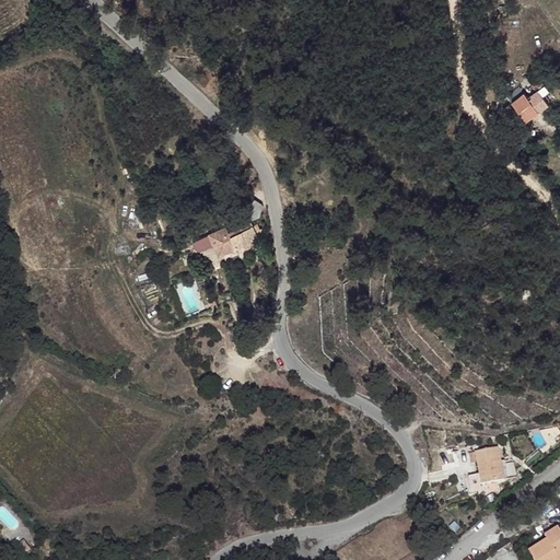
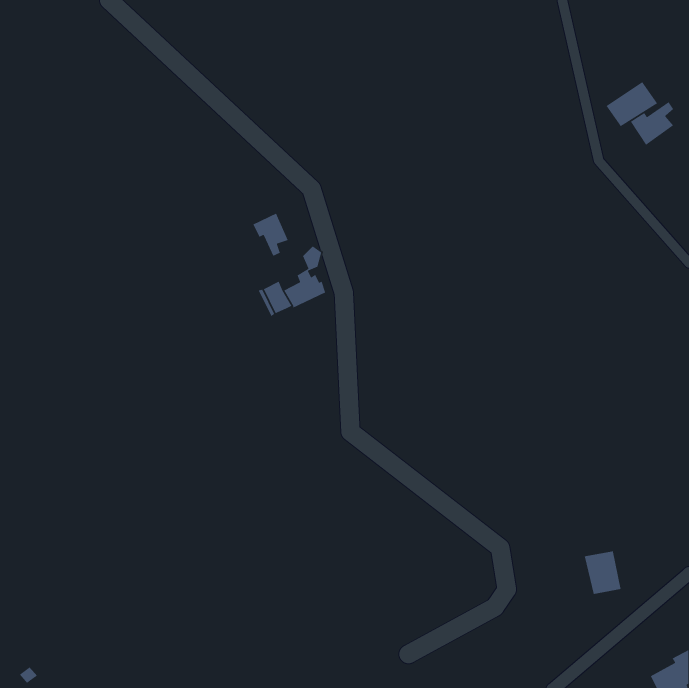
building: none -> [606,81,658,127]
building: none -> [252,213,289,257]

